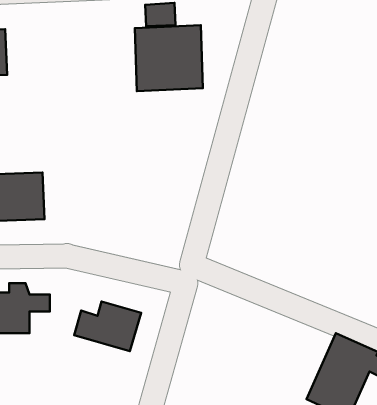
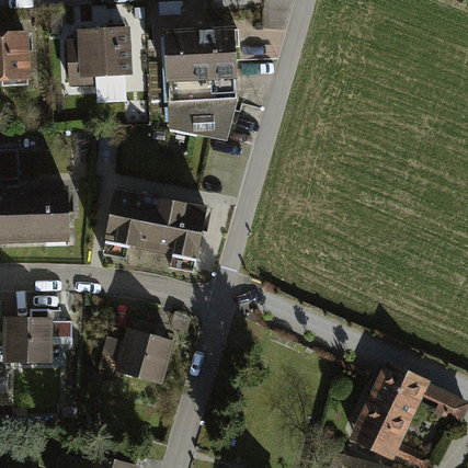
building: none -> [67,28,128,82]
building: none -> [168,98,239,140]
building: none -> [105,189,206,256]

